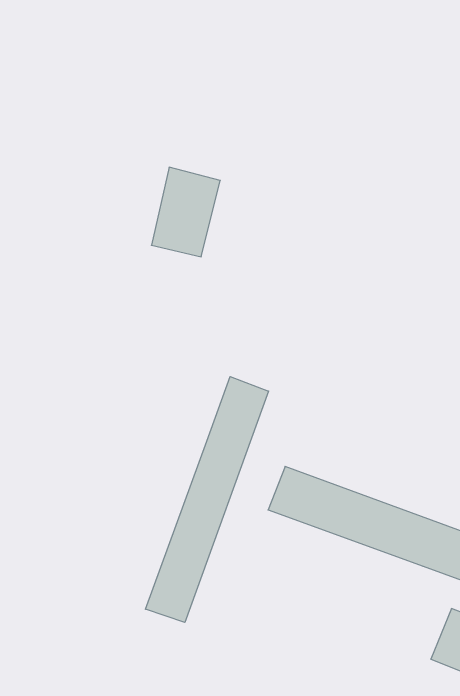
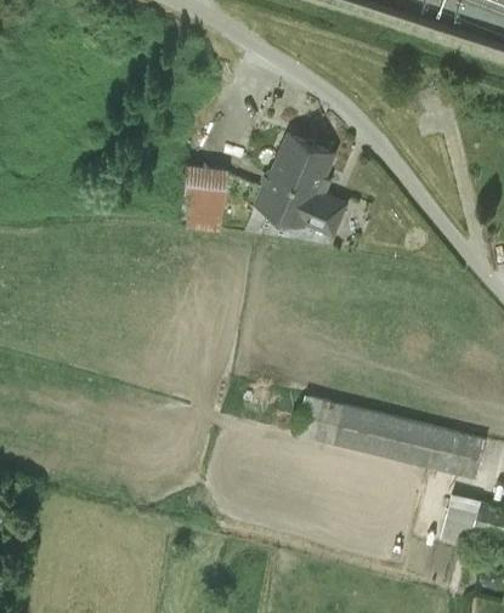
building: none -> [254,135,344,233]
building: [145,377,269,622] -> none

